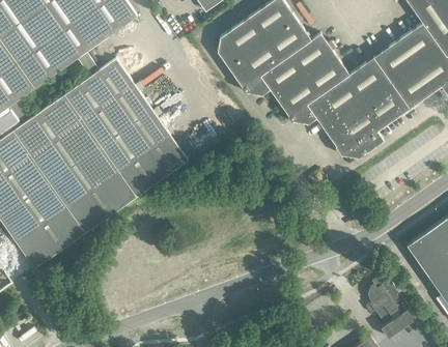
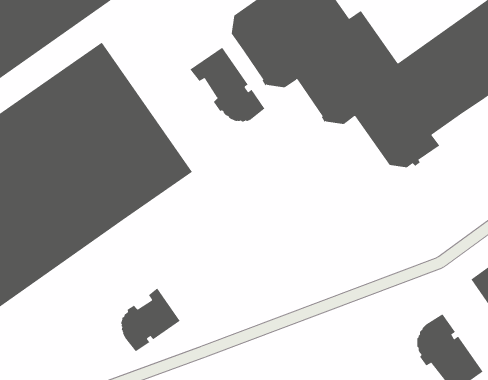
building: none -> [190,47,265,122]
building: none -> [121,287,180,352]

